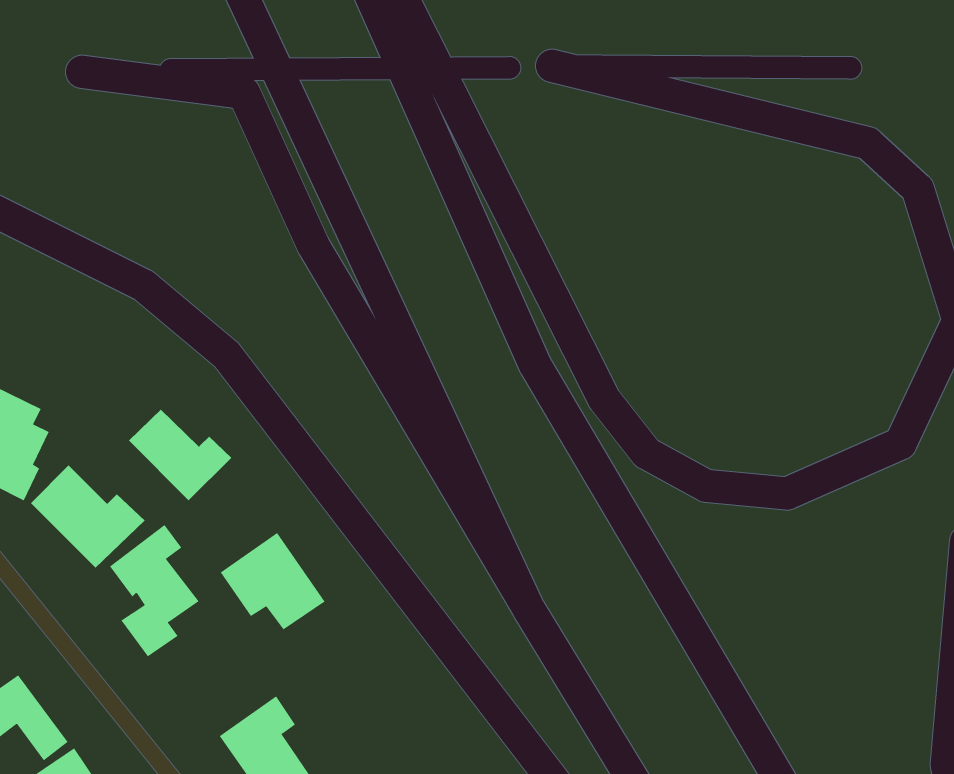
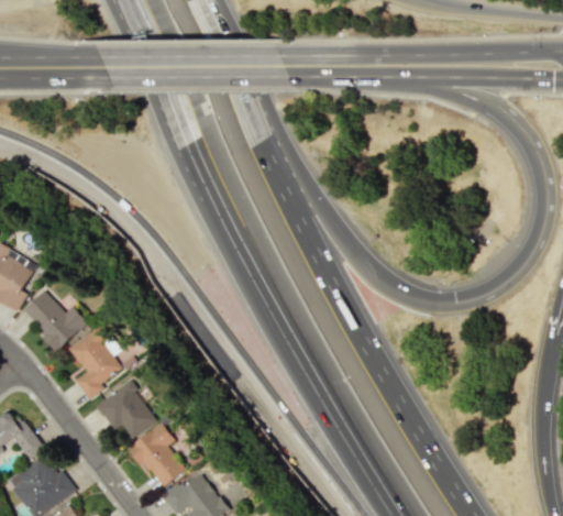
building: [128,409,232,501] -> none
building: [220,532,326,630] -> [96,382,156,438]

